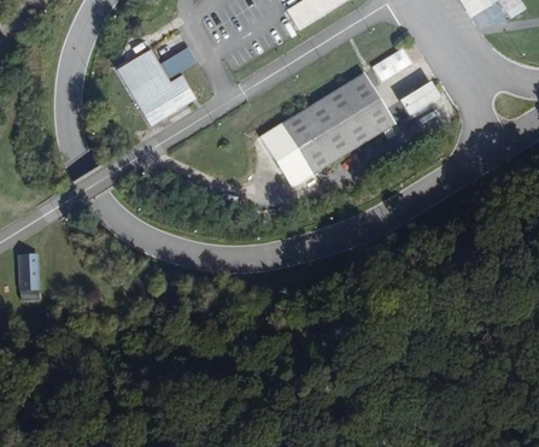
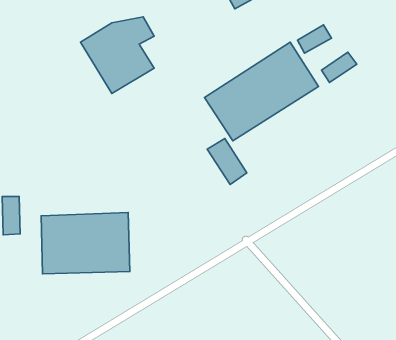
building: none -> [207,138,247,184]
building: none -> [41,213,130,274]

